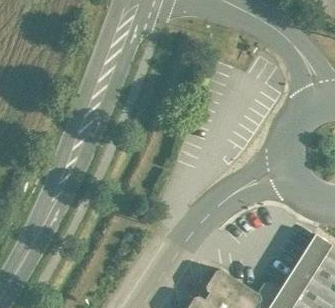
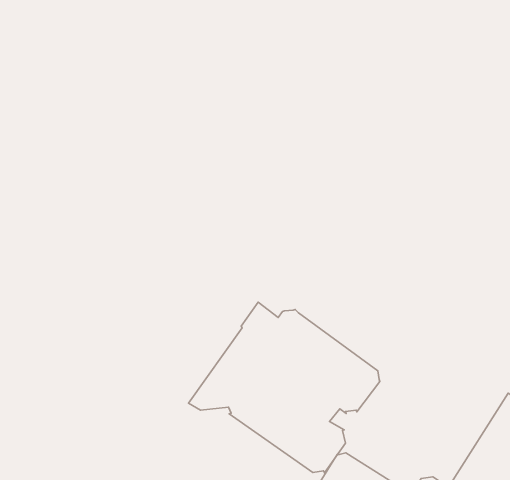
building: none -> [189,302,380,473]

